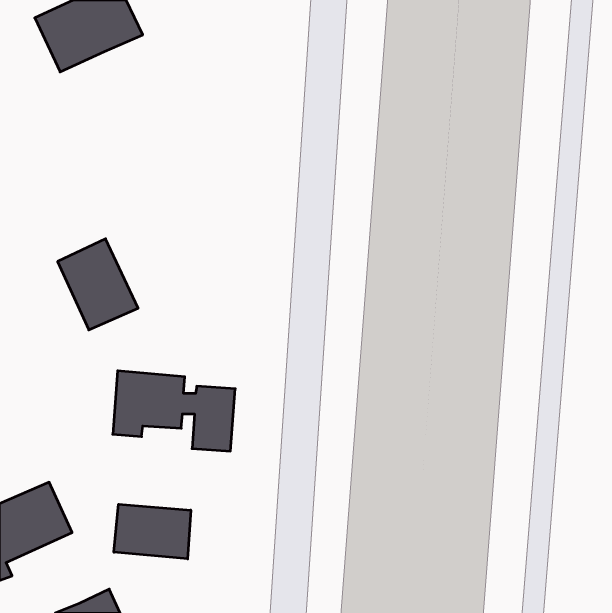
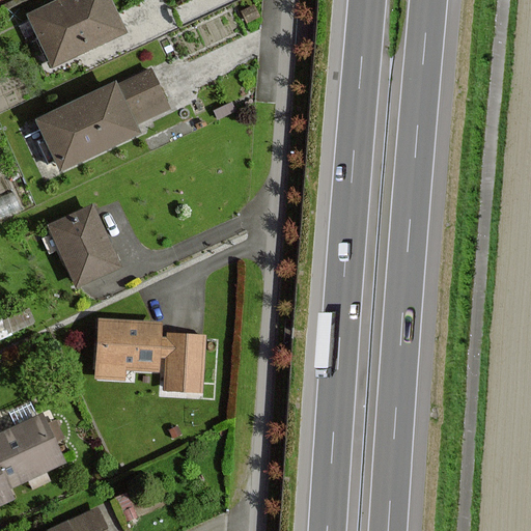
building: none -> [38,74,166,168]
building: [114,504,191,559] -> none

